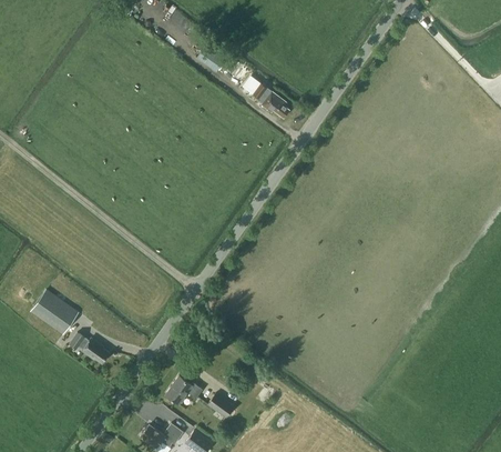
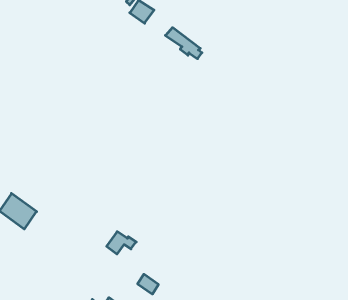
building: [70,332,109,362] -> none
building: [165,375,203,404] -> [107,232,136,254]

